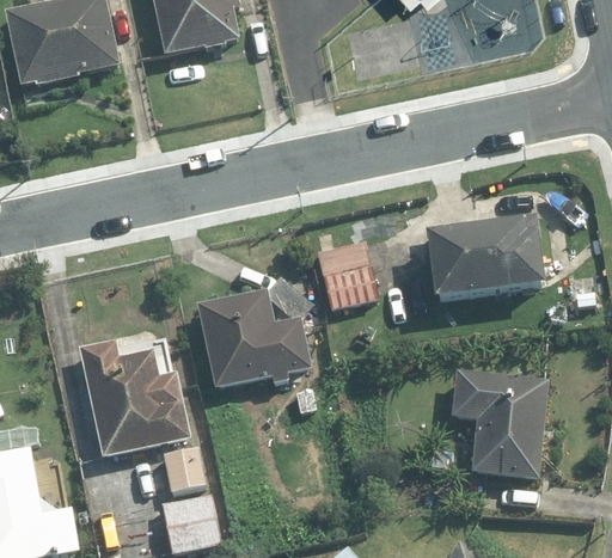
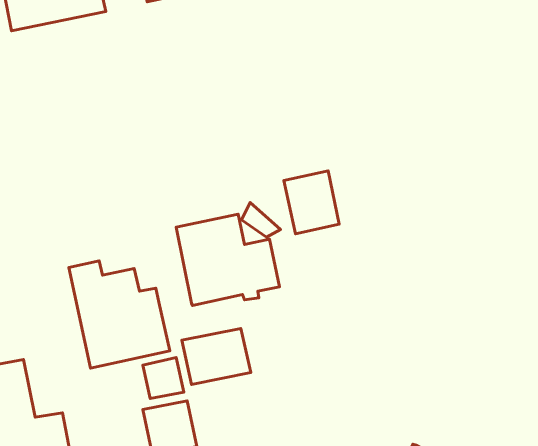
building: [427,213,550,299] -> none
building: [451,370,549,479] -> none
building: none -> [182,328,251,384]

